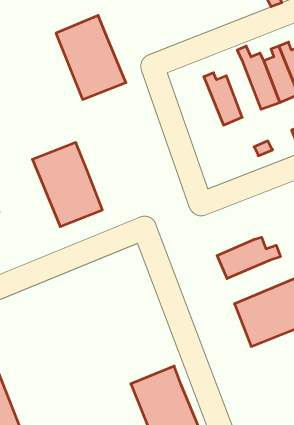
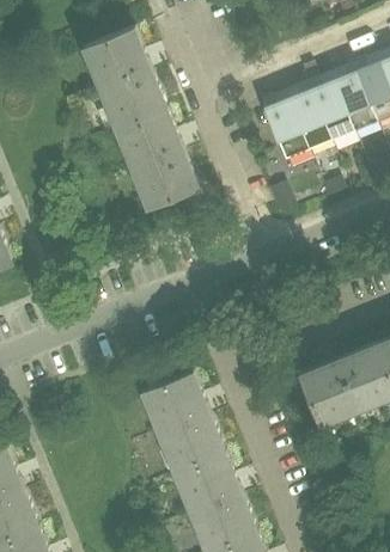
building: none -> [288,82,330,151]
building: [32,143,102,227] -> [114,109,199,210]
building: [217,237,280,279] -> none
building: none -> [140,372,225,473]

